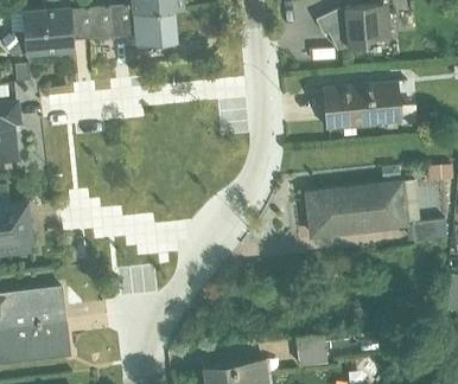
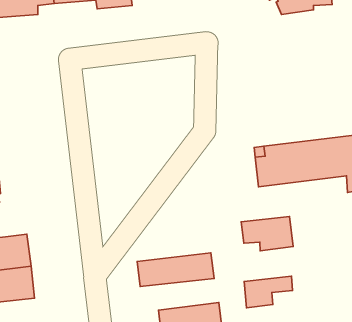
building: [322,81,402,128] -> none
building: none -> [241,217,293,251]
building: none -> [137,253,214,287]

